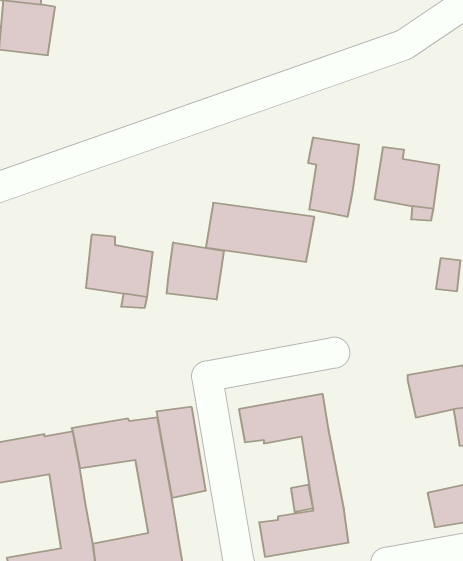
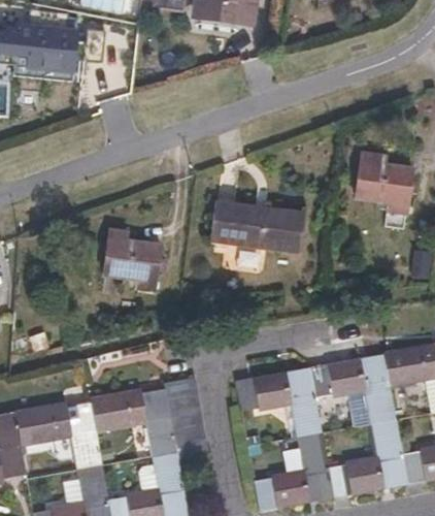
building: [308,137,359,217] -> none
building: [167,242,224,300] -> none
building: none -> [310,355,408,497]

